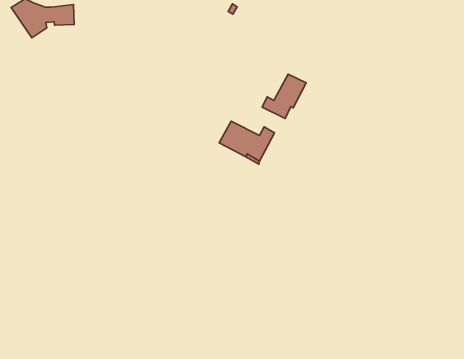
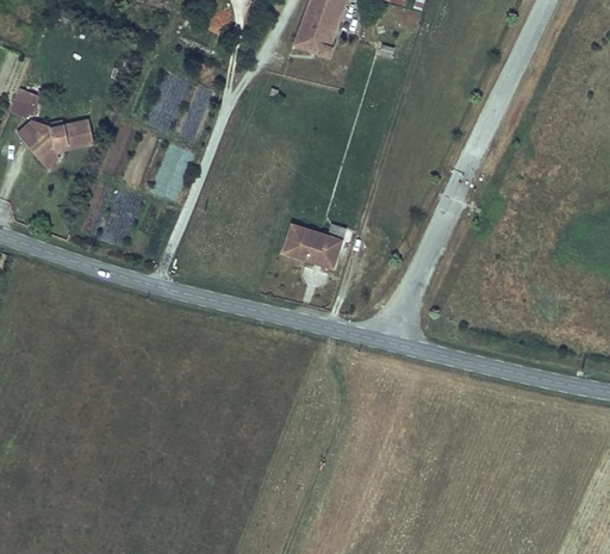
building: [262,74,306,119] -> none

